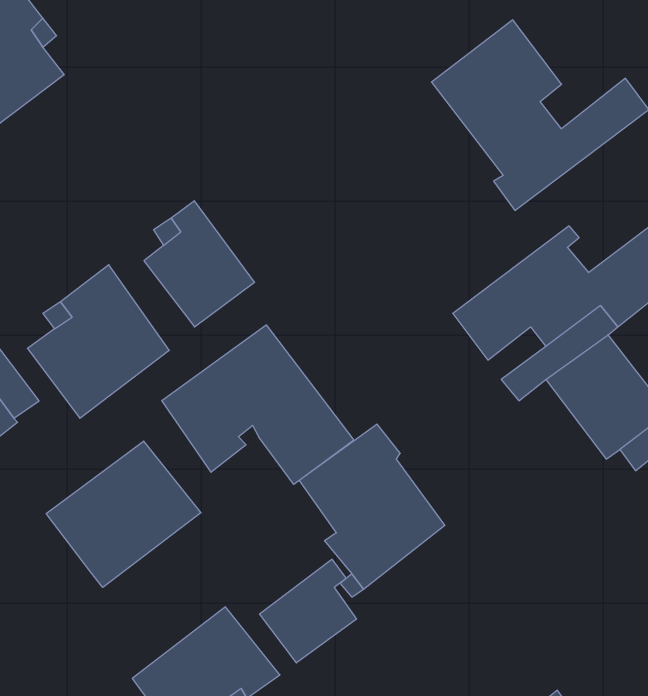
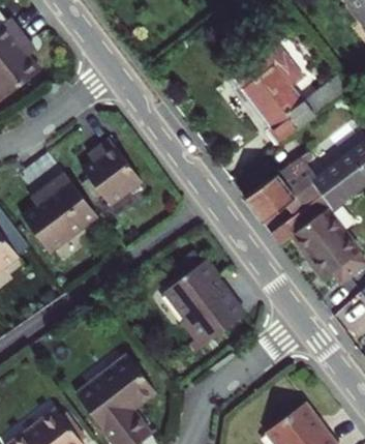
building: [162,325,354,484] -> none
building: [46,441,201,587] -> none
building: [260,559,356,663] -> none

